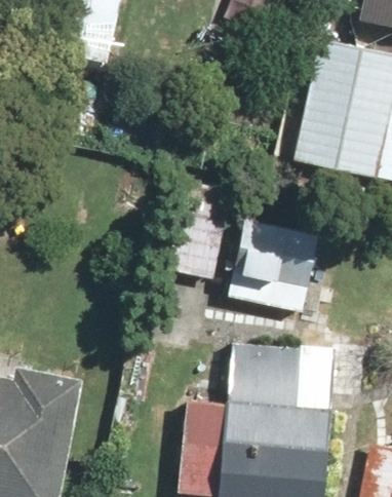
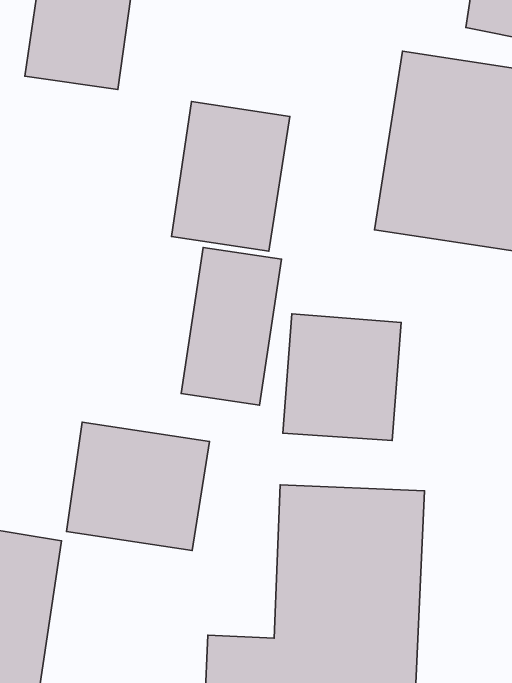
building: none -> [172,101,290,251]
building: none -> [67,422,210,550]

